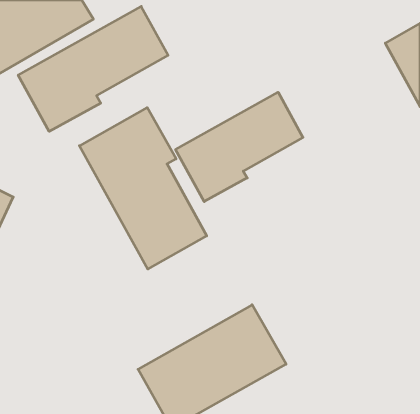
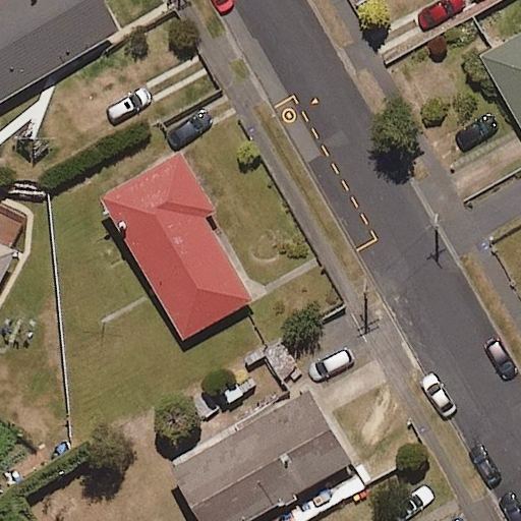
building: [18,6,168,131] -> none
building: [176,92,303,202] -> none

